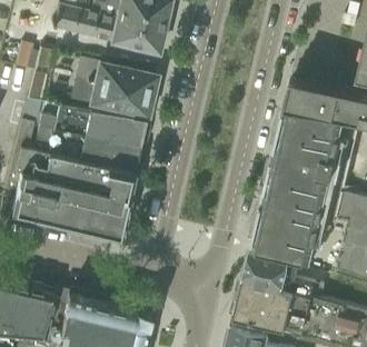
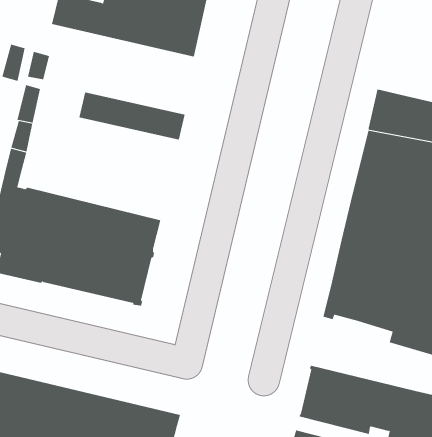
building: [78,59,157,96] -> none
building: [36,107,147,174] -> none
building: [245,249,326,299] -> none

